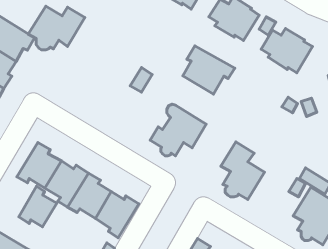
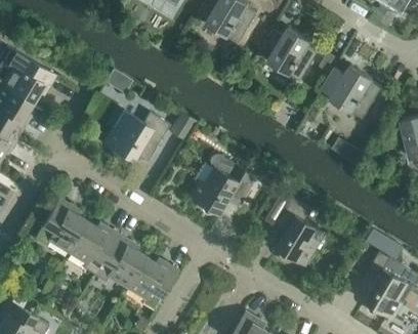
building: [28,6,85,50] -> [103,112,170,163]
building: [183,46,235,94] -> none
building: [19,186,57,227] -> none

